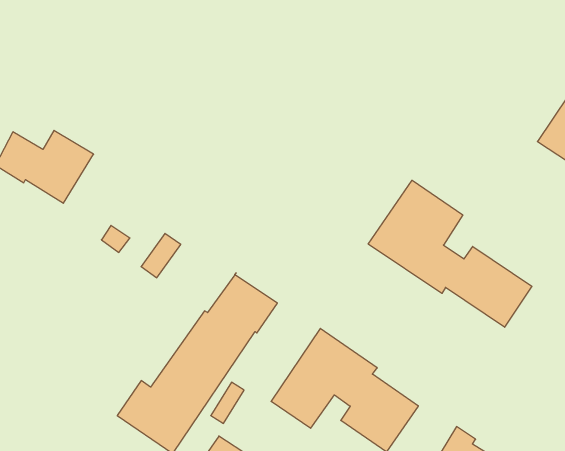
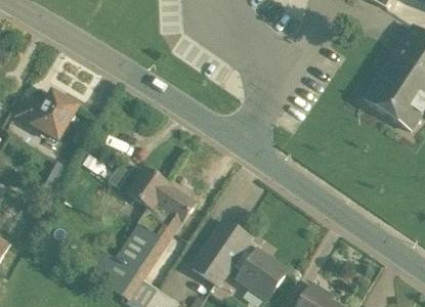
building: [368,180,532,327] -> none
building: none -> [127,168,169,210]

